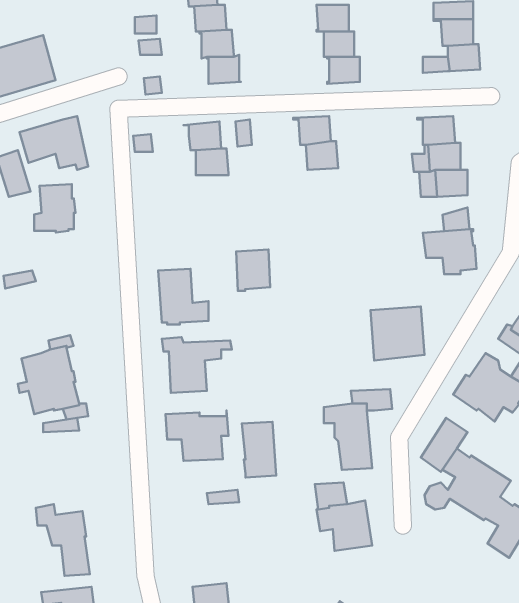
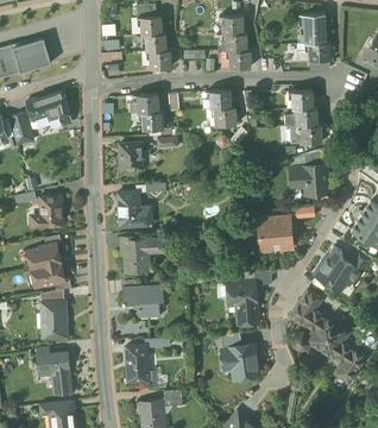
building: [34,184,76,233] -> [37,196,64,228]
building: [236,250,270,291] -> [120,144,143,171]
building: [242,422,276,477] -> [126,346,149,383]
building: none -> [42,302,68,339]

